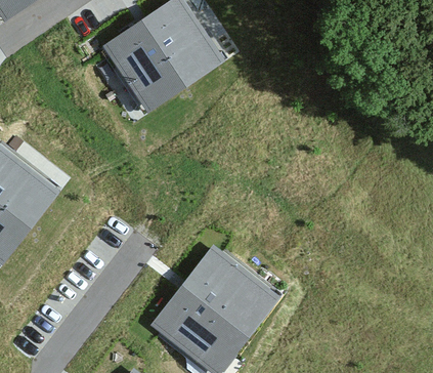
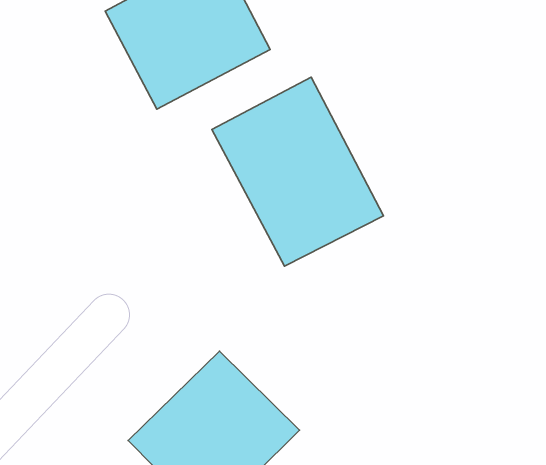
building: none -> [212,77,384,266]

